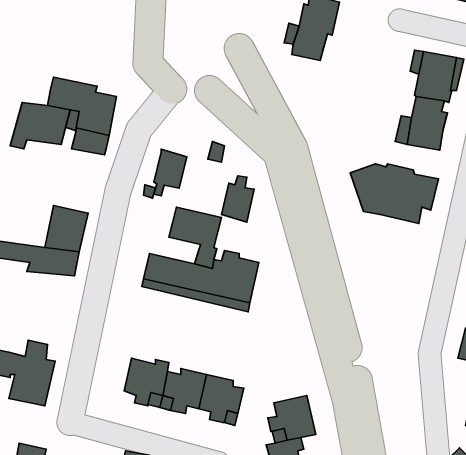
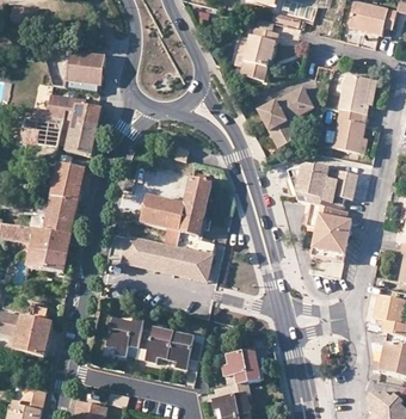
building: none -> [64,51,104,90]
building: none -> [257,87,312,147]
building: [154,149,187,196] -> [178,203,204,240]
building: none -> [50,162,85,202]
building: none -> [306,203,351,263]
building: none -> [26,248,67,271]

